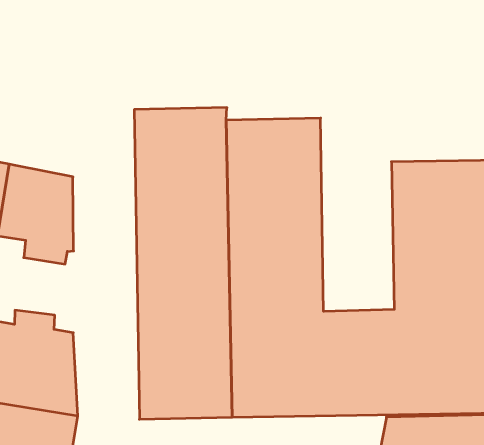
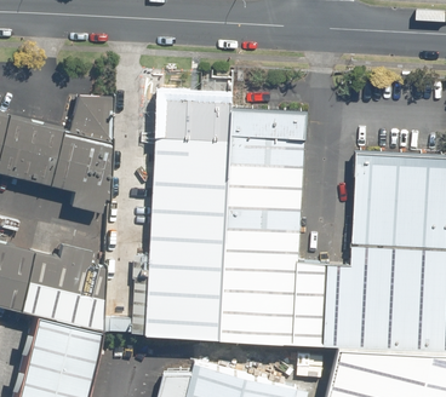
building: none -> [68,96,114,146]

